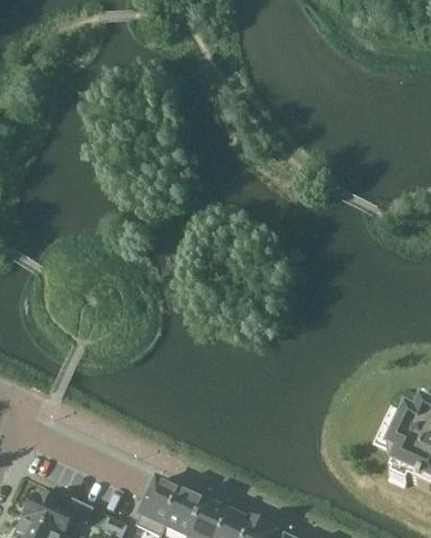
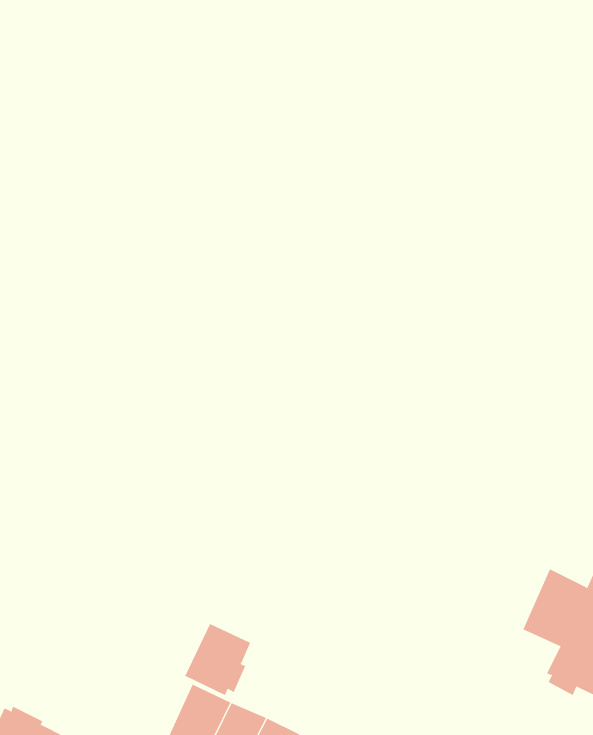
building: none -> [184,623,251,696]

